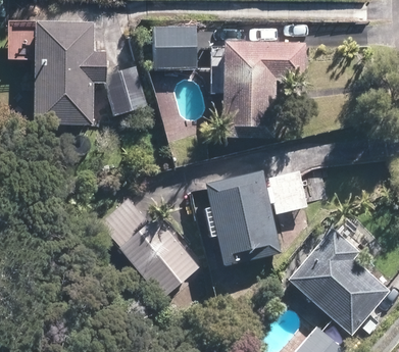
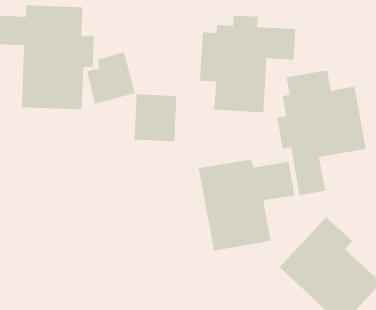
building: [154,24,197,72] -> [134,94,177,142]
building: none -> [277,69,367,196]
building: [123,211,204,295] -> none

